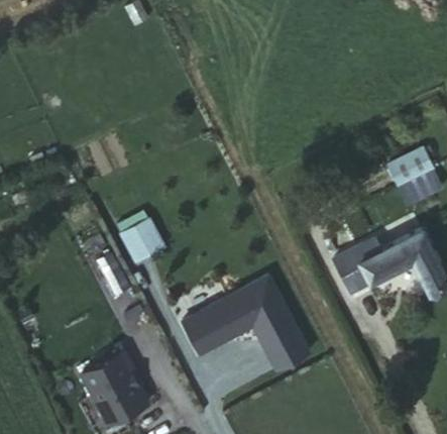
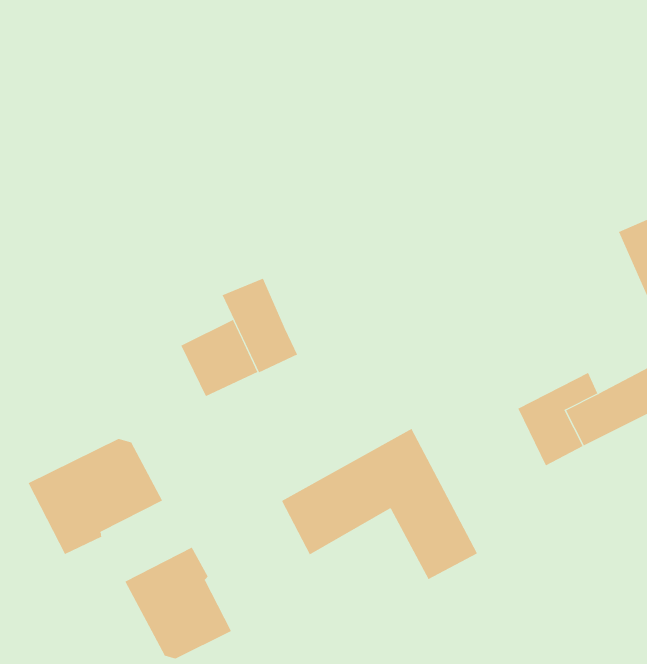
building: none -> [222,278,298,373]
building: none -> [28,438,163,555]

